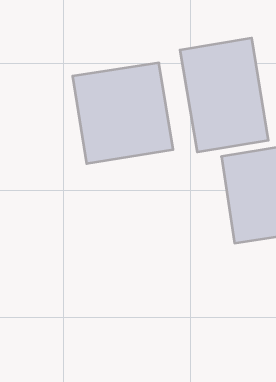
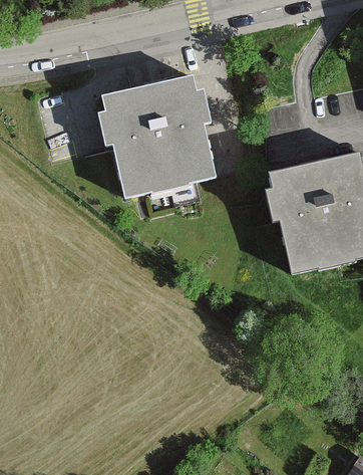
building: [180,38,268,152] -> none

